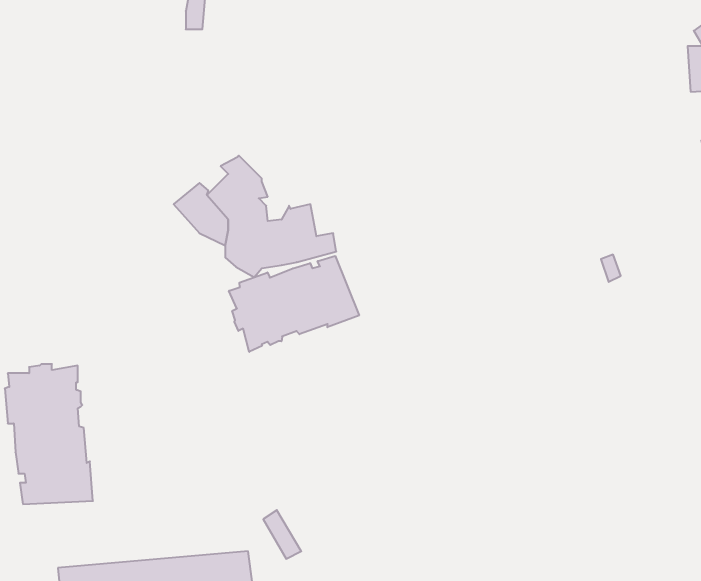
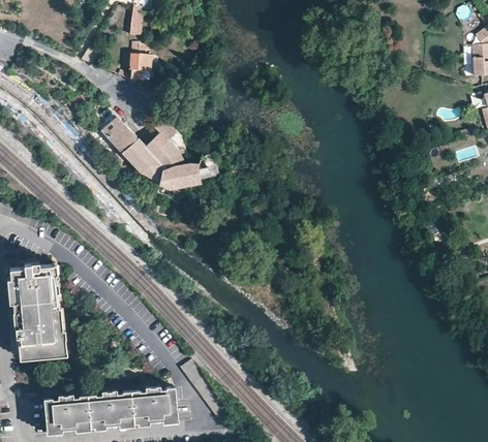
building: none -> [129,42,152,81]
building: none -> [101,109,140,154]
building: [229,256,359,352] -> none

